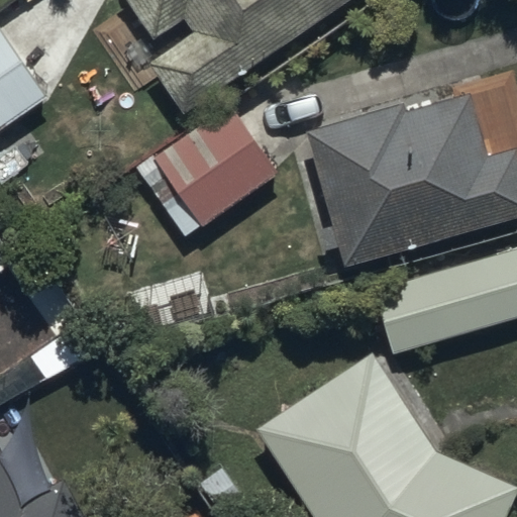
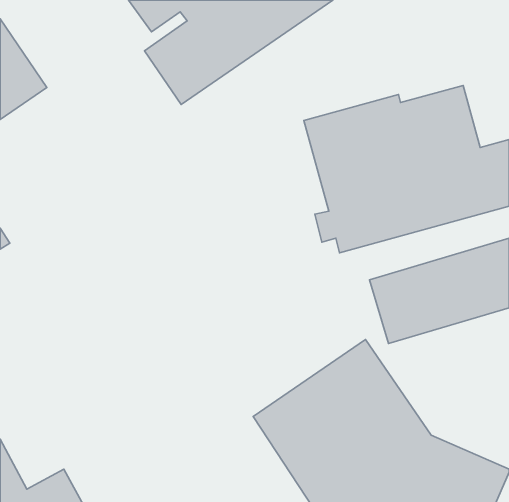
building: [134,105,277,238] -> none

